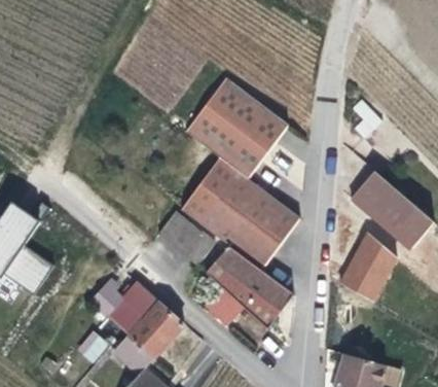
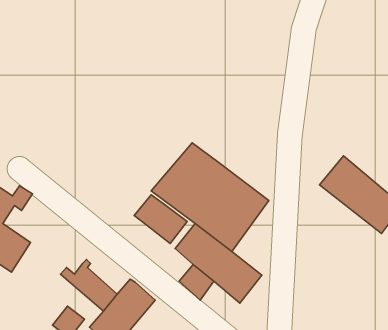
building: [186,78,290,179] -> none
building: [337,233,401,301] -> none

